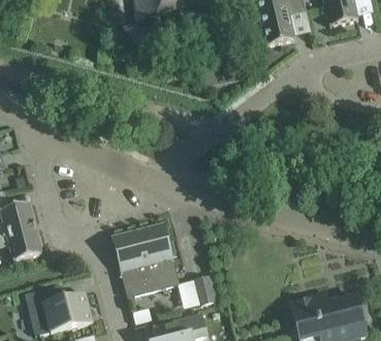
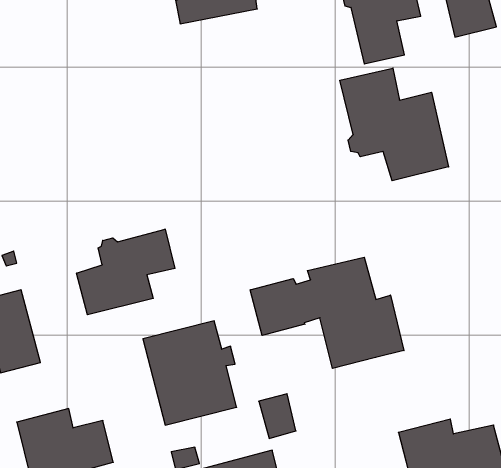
building: none -> [340,68,449,181]
building: none -> [77,229,175,315]
building: none -> [250,257,404,368]

